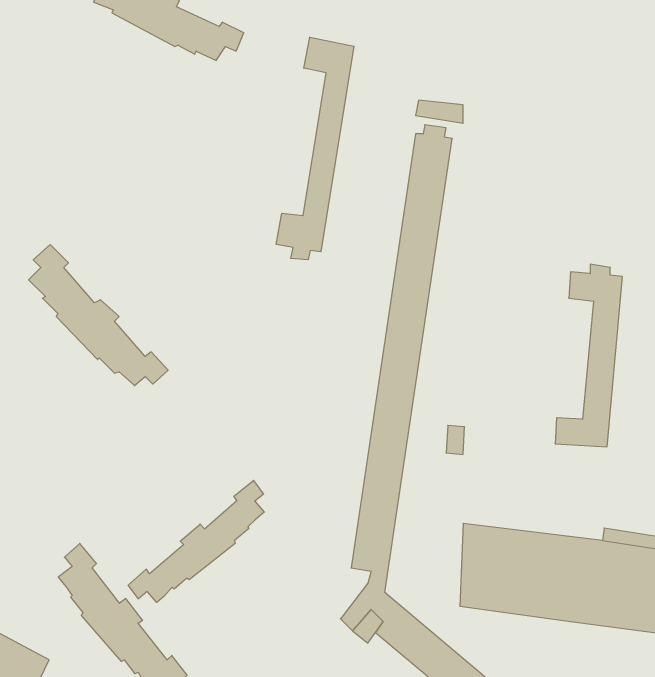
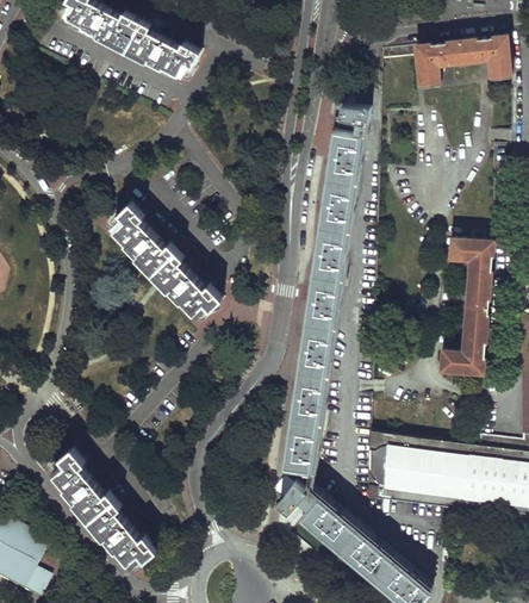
building: none -> [381,37,510,88]
building: [276,37,354,260] -> none
building: [29,245,168,386] -> [112,204,220,313]
building: [128,480,264,602] -> none

